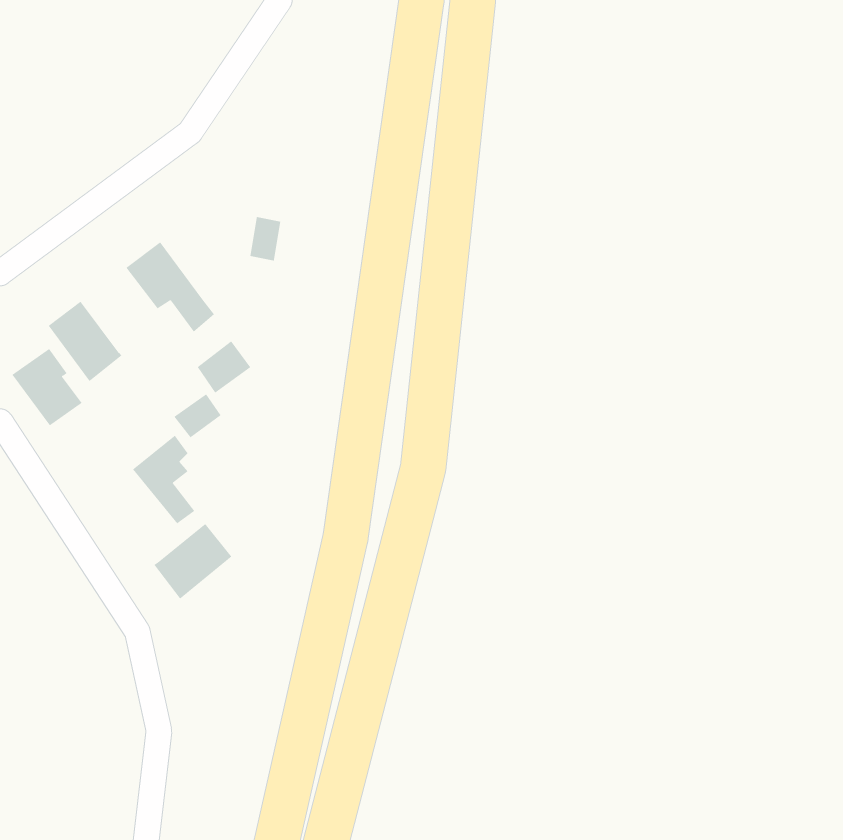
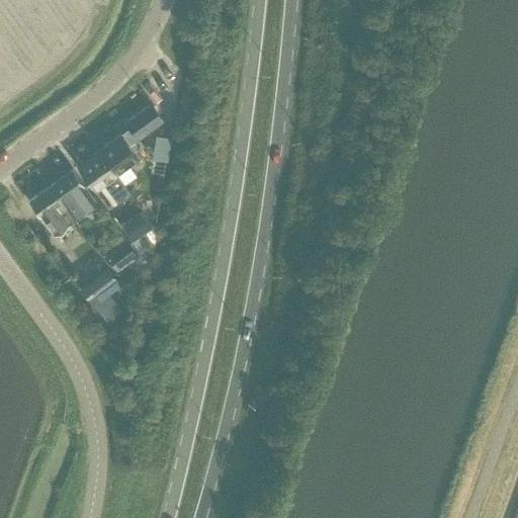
building: none -> [99,105,162,186]
building: [11,348,83,426] -> [51,171,94,219]
building: [153,523,232,600] -> none

